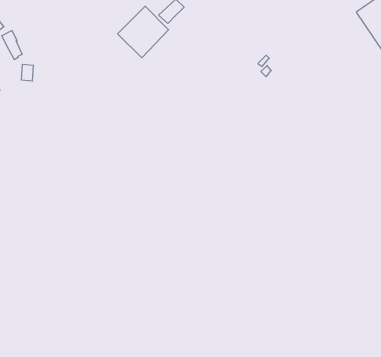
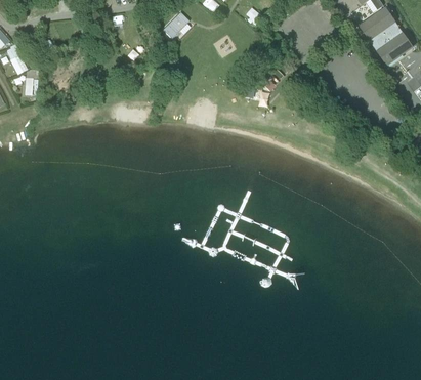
building: [118,6,169,58] -> none

